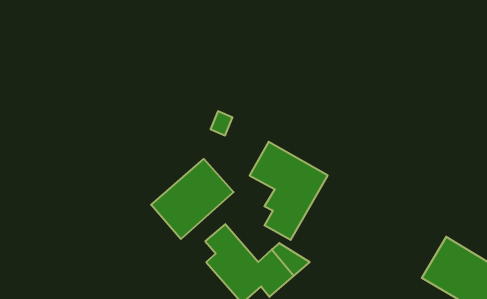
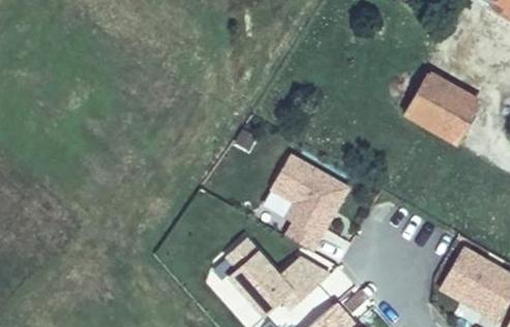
building: none -> [406,58,482,129]
building: [151,159,234,239] -> none

